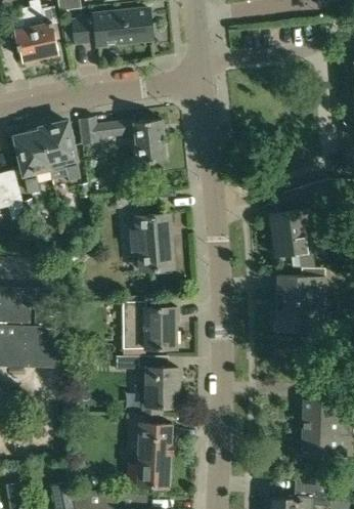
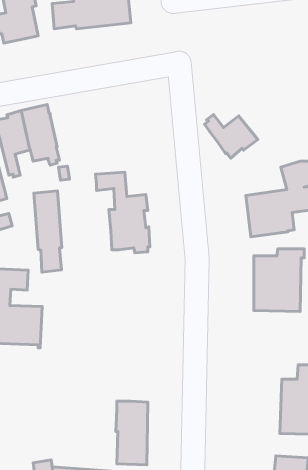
building: [78,116,166,161] -> none
building: none -> [204,115,258,158]
building: none -> [34,191,62,272]
building: [122,301,176,349] -> none
building: [116,356,177,415] -> none

